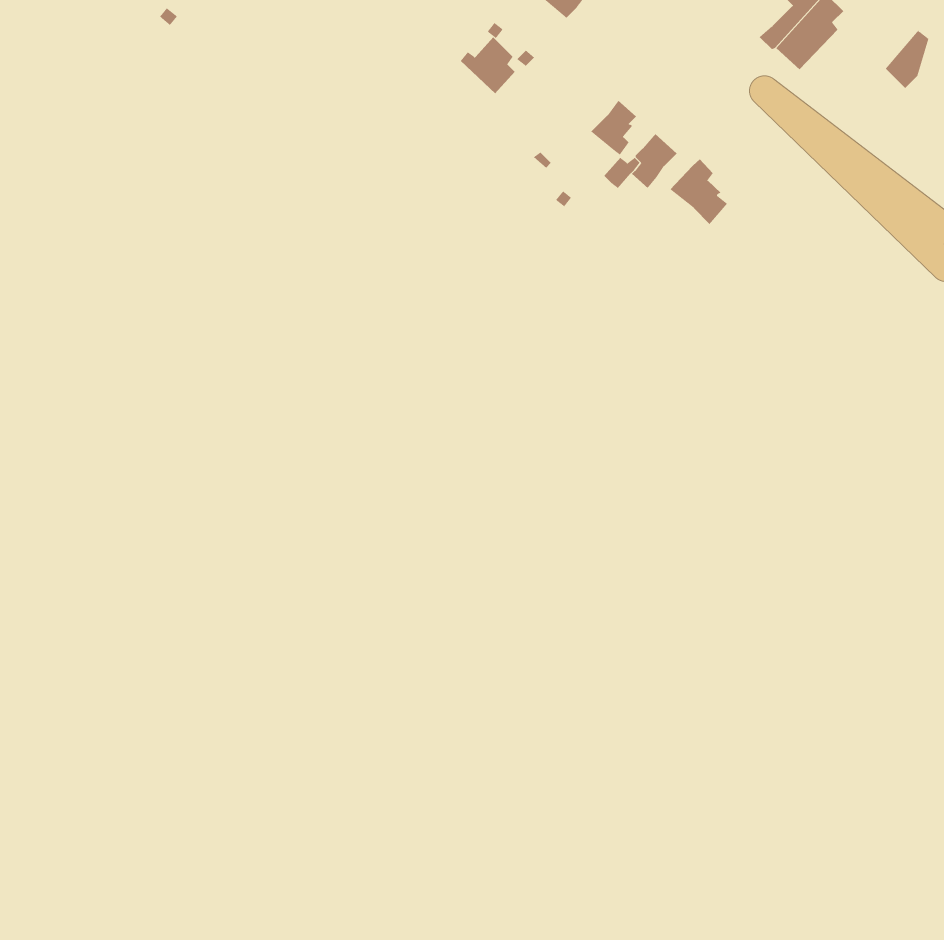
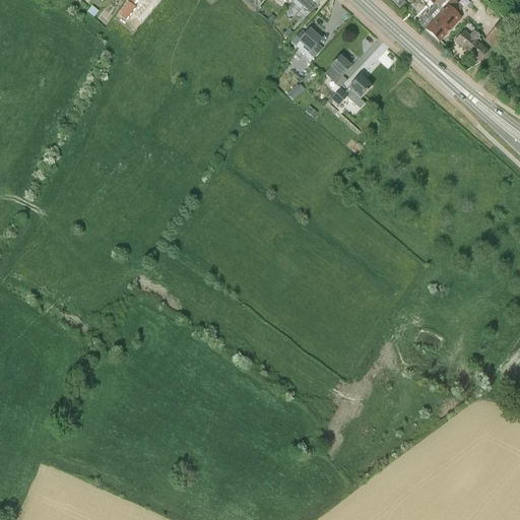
building: [460,37,516,94] -> [292,27,323,59]
building: none -> [456,28,489,60]
building: [670,158,728,225] -> none

